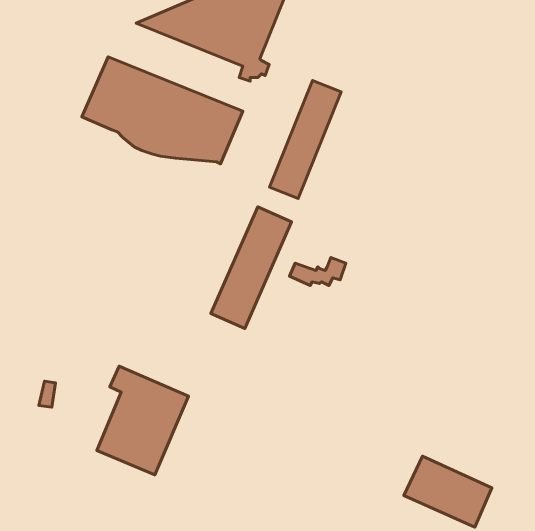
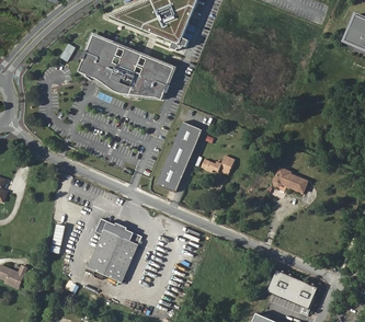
building: [269,81,341,199] -> none
building: none -> [274,165,308,191]

